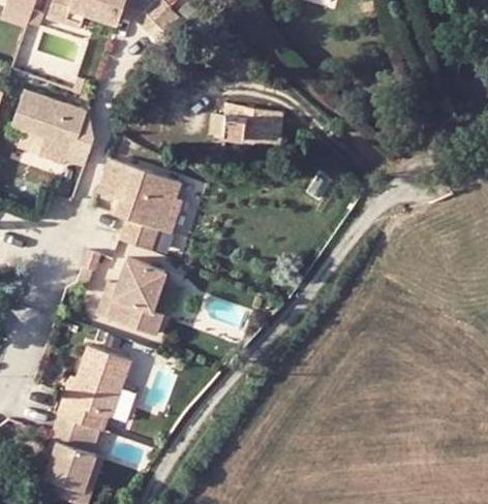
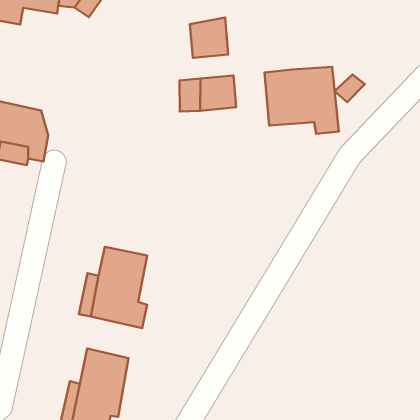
building: none -> [190,18,228,58]
building: none -> [265,67,339,134]
building: [96,156,180,249] -> none

